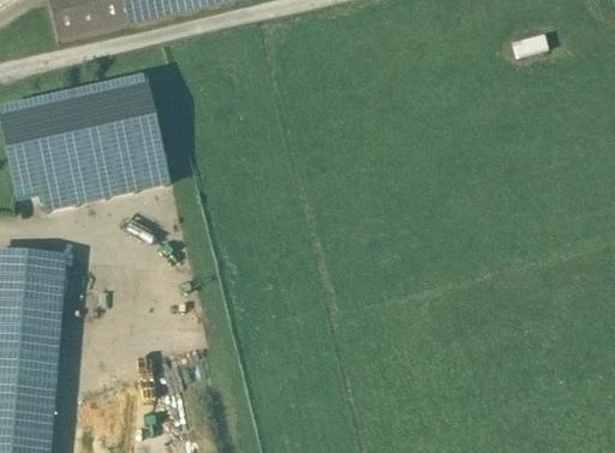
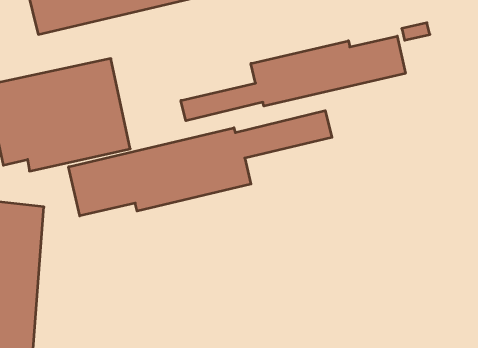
building: none -> [181,36,405,121]
building: none -> [69,111,332,216]

